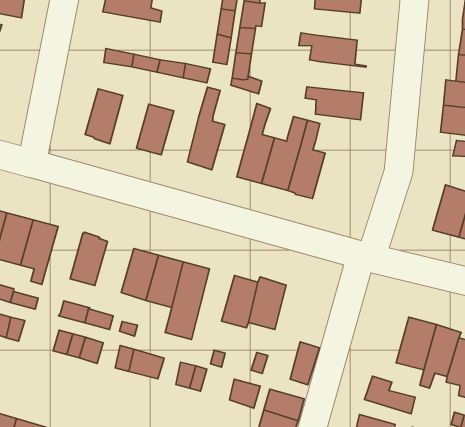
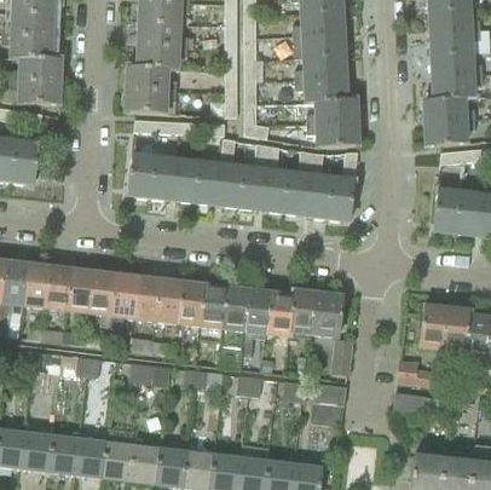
building: none -> [295,56,345,80]
building: none -> [126,88,177,113]
building: none -> [308,100,357,125]
building: none -> [150,156,178,200]
building: none -> [239,144,268,209]
building: none -> [195,162,221,203]
building: none -> [328,151,359,220]
building: none -> [111,275,139,329]
building: none -> [156,281,184,322]
building: none -> [244,290,272,353]
building: none -> [313,294,343,335]

